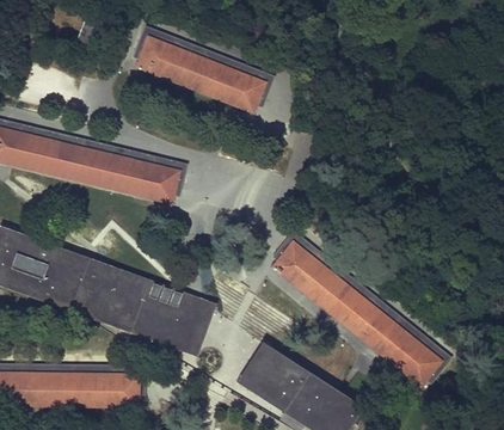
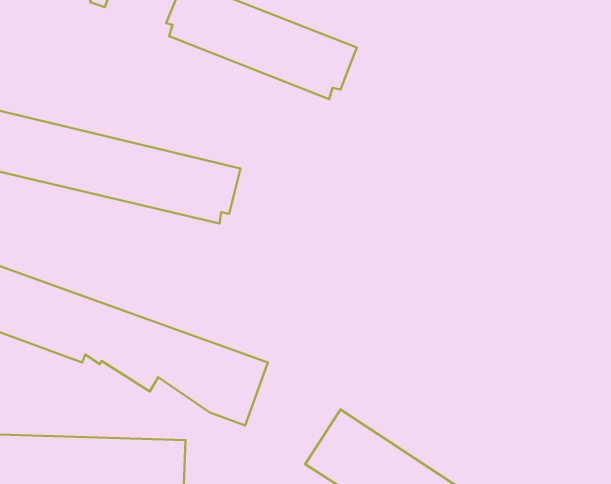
building: [271,229,451,387] -> none

